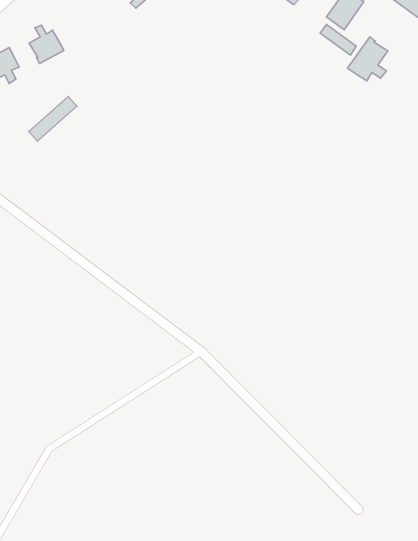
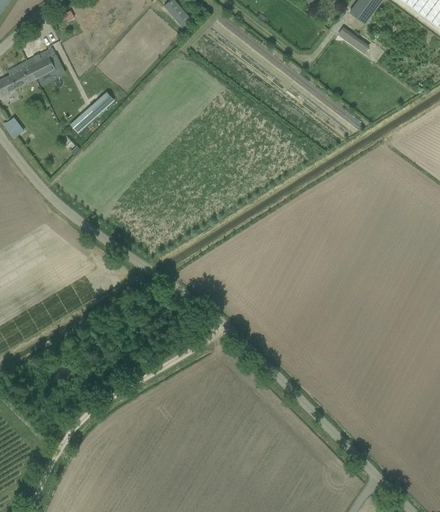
building: [29,25,64,64] -> none
building: [348,37,388,81] -> none

